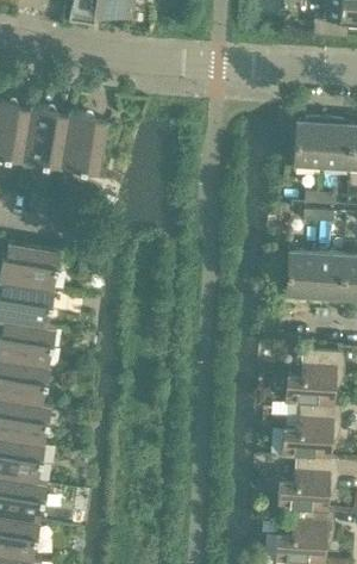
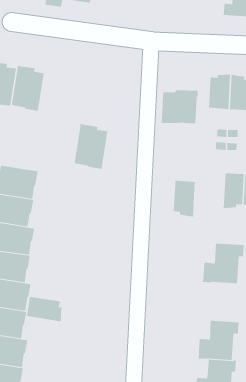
building: [60,112,107,175] -> [73,123,108,169]
building: none -> [161,90,198,130]
building: [284,252,315,303] -> [173,180,195,217]
building: [281,404,339,459] -> none
building: none -> [26,296,62,322]

